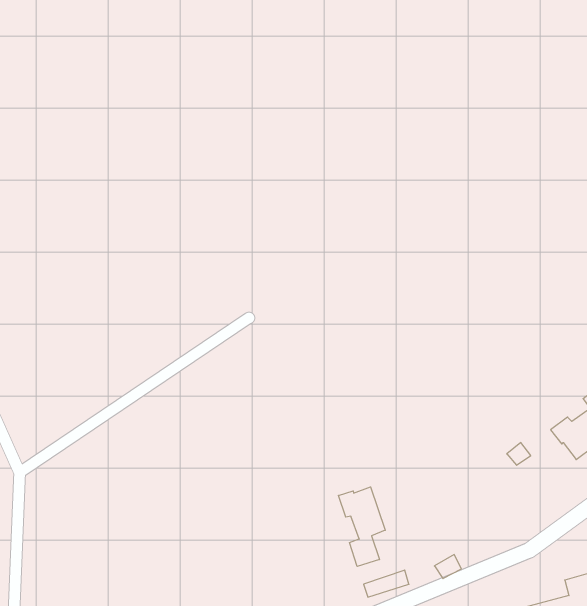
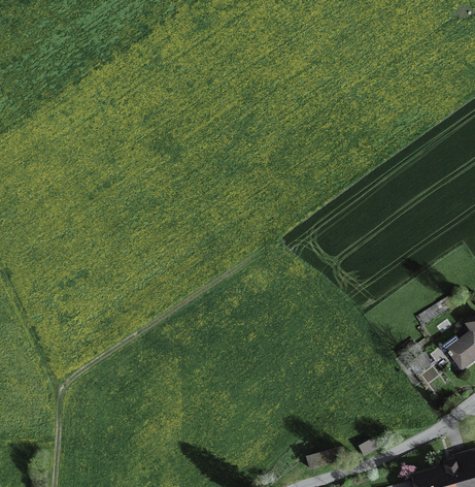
building: [338,487,385,566] -> none

